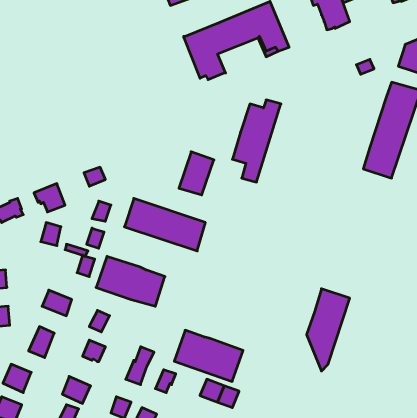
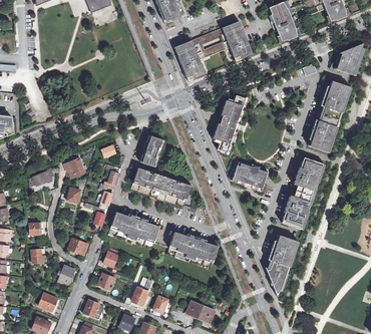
building: [179,152,214,195] -> [137,133,163,165]
building: none -> [281,156,323,229]
building: none -> [230,158,268,191]
building: [174,330,243,381] -> [166,230,218,268]

